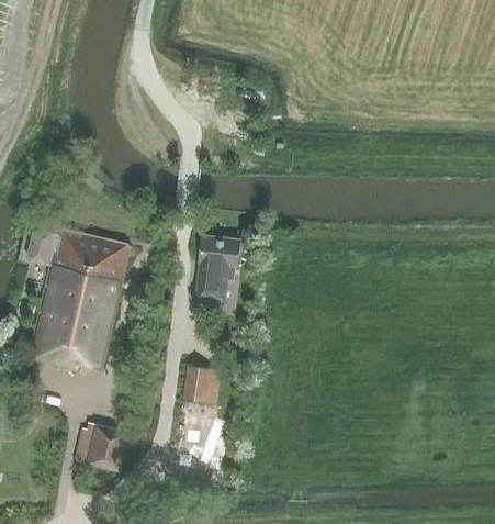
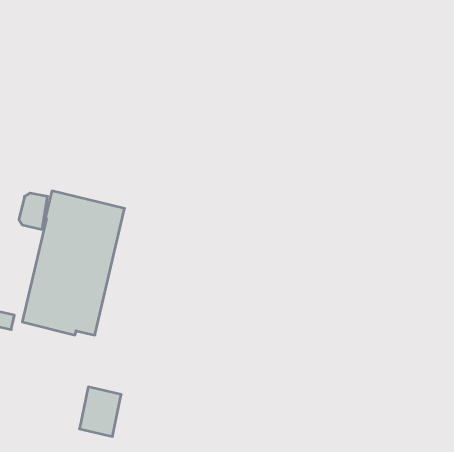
building: [196,235,239,302] -> none
building: [183,363,207,401] -> none

